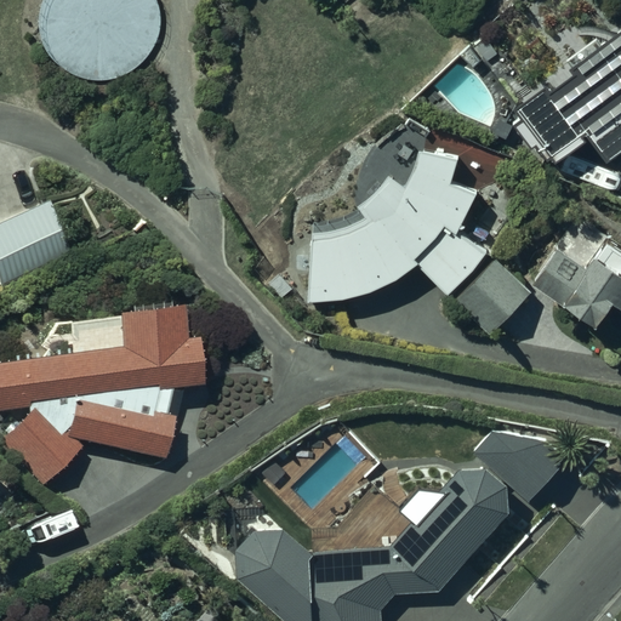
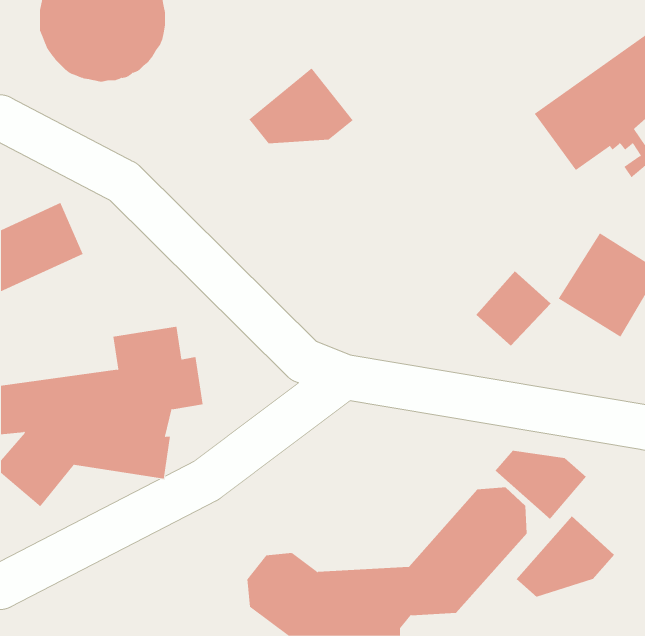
building: none -> [248,68,353,144]
building: [310,149,486,300] -> none
building: none -> [516,515,615,598]

